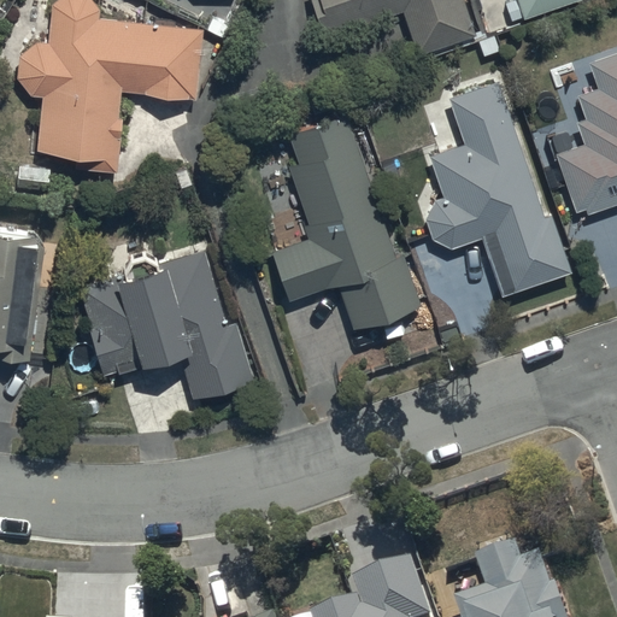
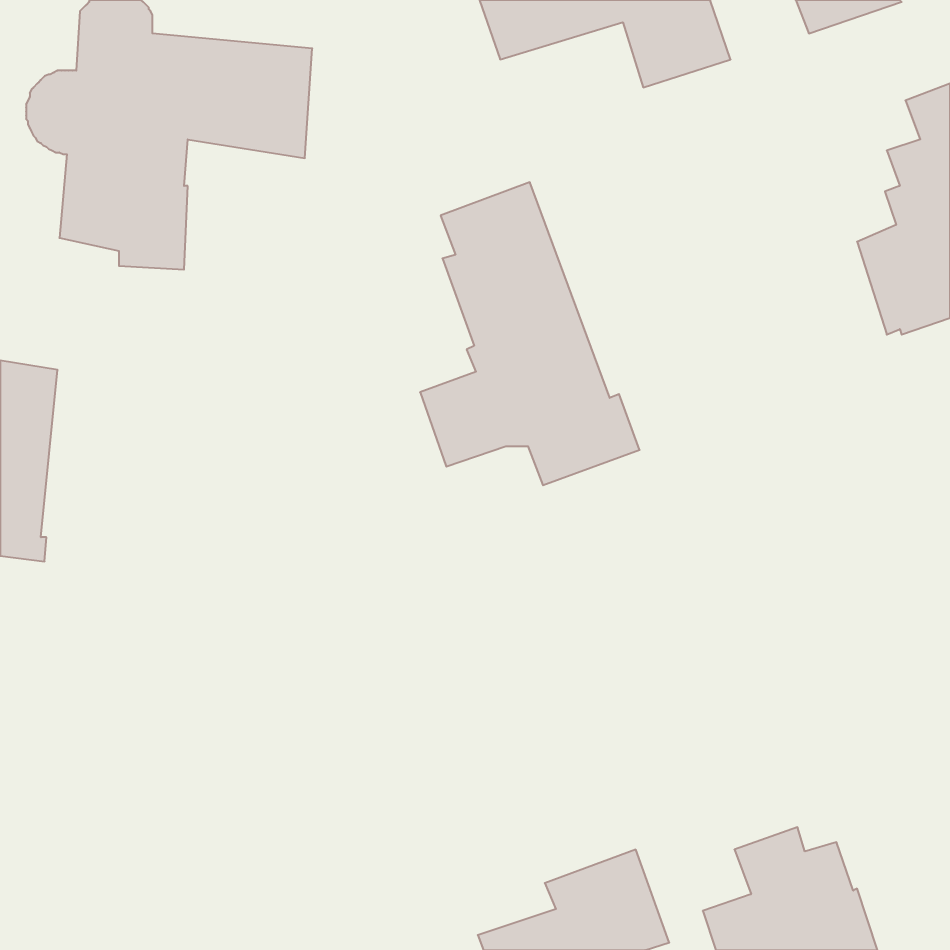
building: [423,86,571,300] -> none
building: [81,252,253,387] -> none

